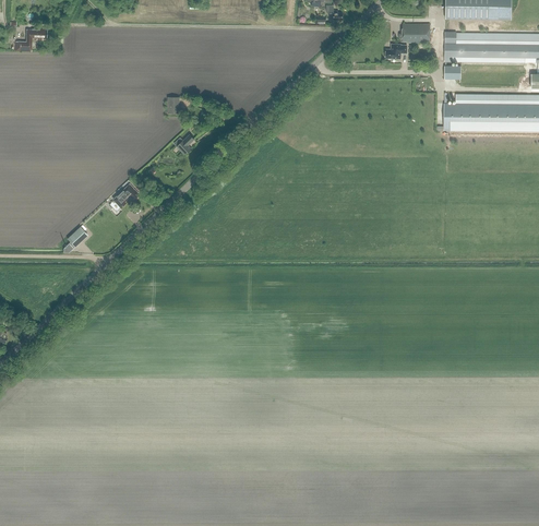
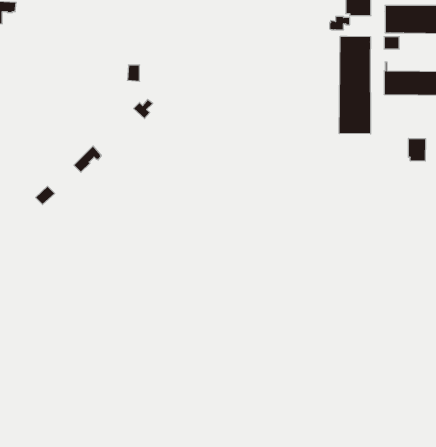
building: none -> [339,36,371,134]
building: none -> [408,138,426,161]

